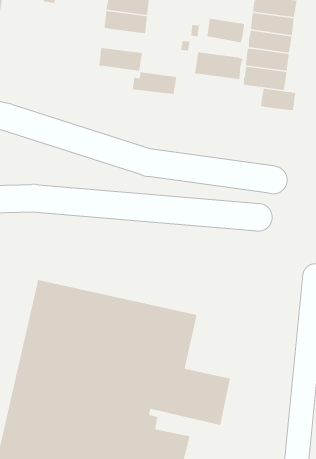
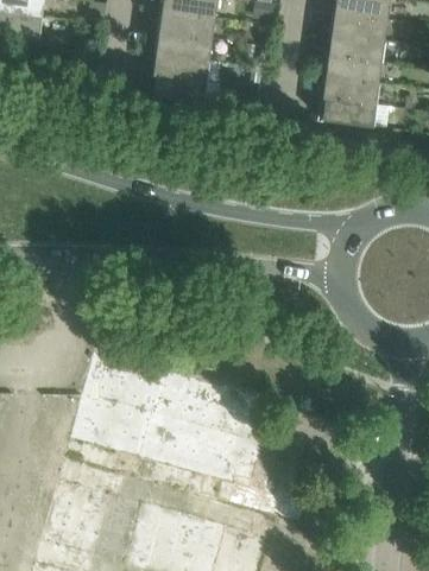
building: [206,18,248,44] -> none
building: [194,51,246,80] -> none
building: [132,72,177,95] -> [154,53,208,81]
building: [258,88,296,111] -> none

